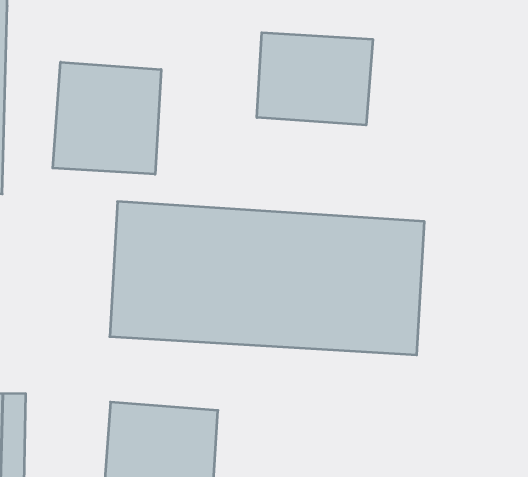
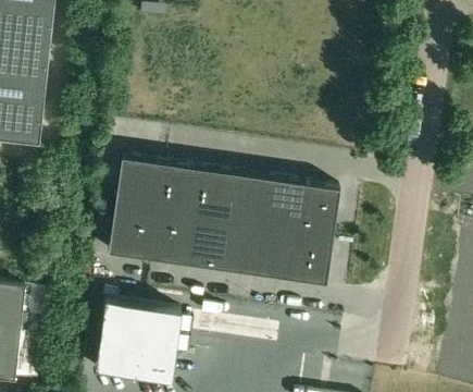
building: [257,33,373,125] -> none
building: [53,62,161,174] -> none

